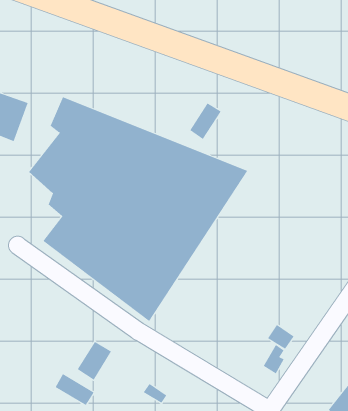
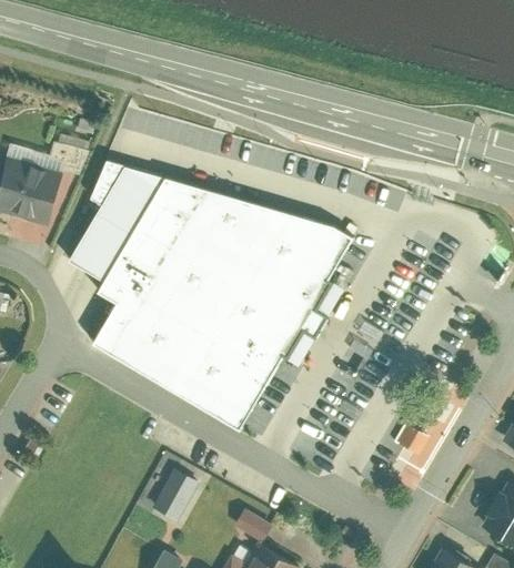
building: [189,103,222,140] -> none
building: [55,373,94,406] -> none

